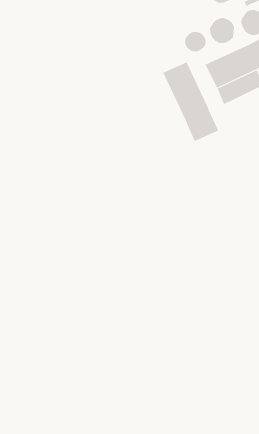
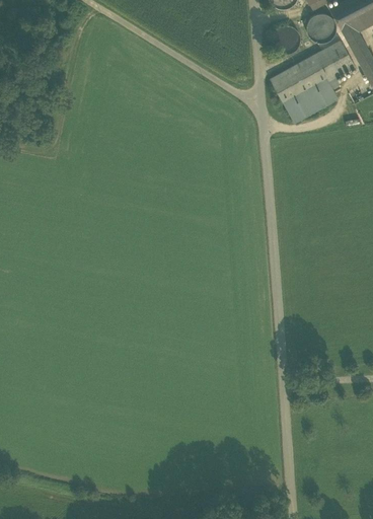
building: [184,31,206,52] -> none
building: [162,62,219,142] -> none

